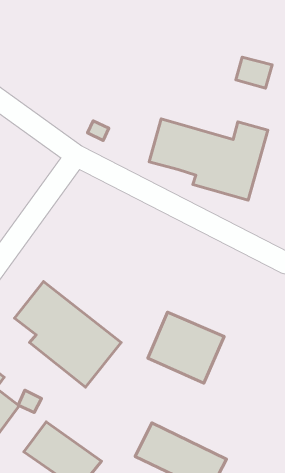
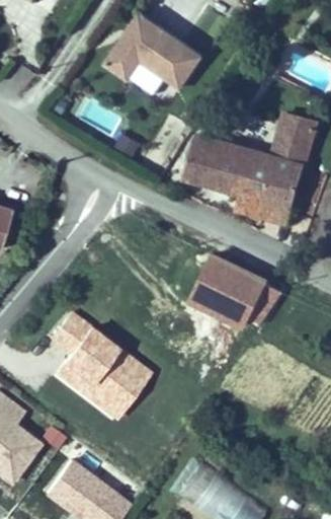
building: none -> [103,11,205,90]
building: [236,57,272,88] -> [279,113,319,146]
building: [148,312,224,383] -> [188,253,271,330]

